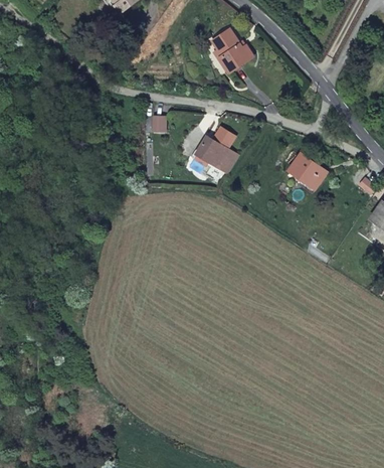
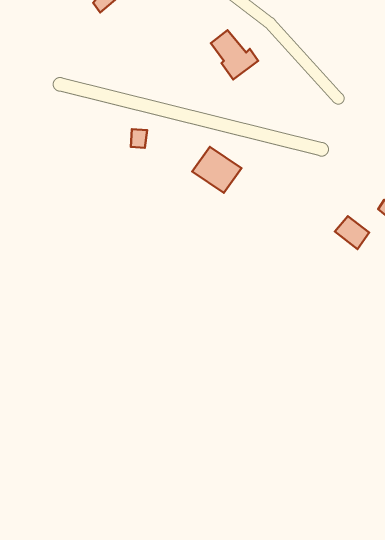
building: [294,152,323,180] -> [335,216,369,249]

